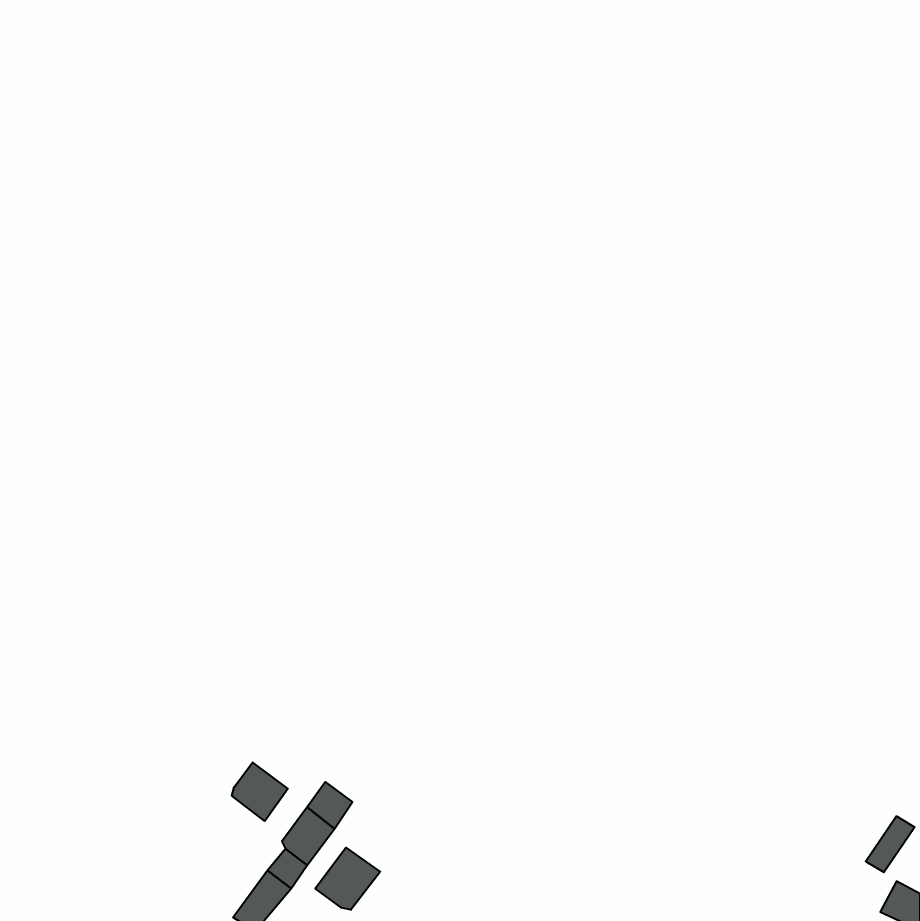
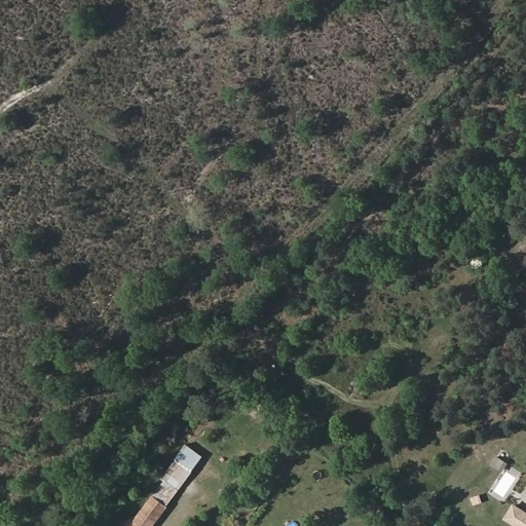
building: [232,762,288,821] -> none
building: [315,848,380,910] -> none

